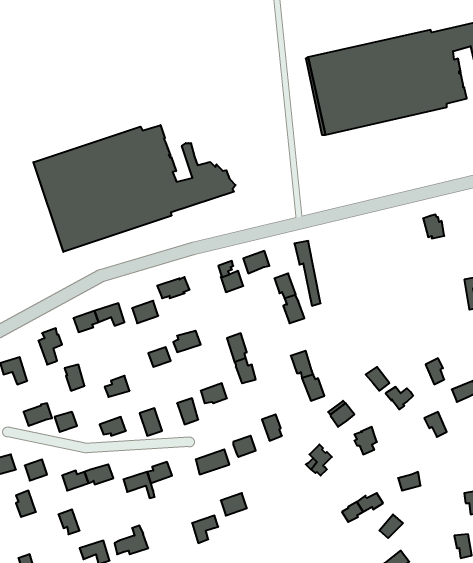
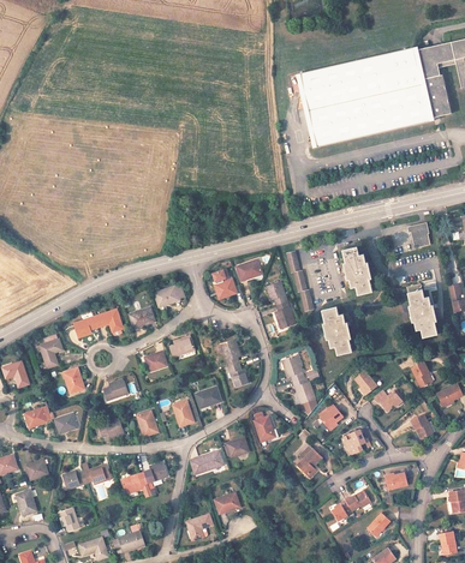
building: [33,125,236,252] -> none
building: none -> [342,246,372,295]
building: none -> [406,283,437,337]
building: none -> [322,307,352,355]

